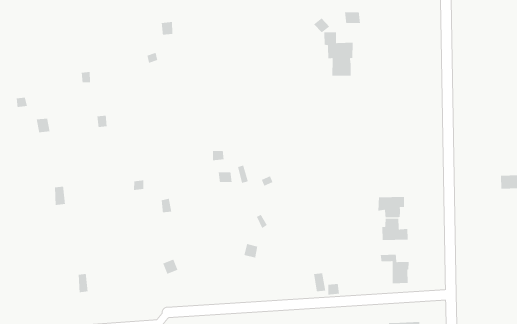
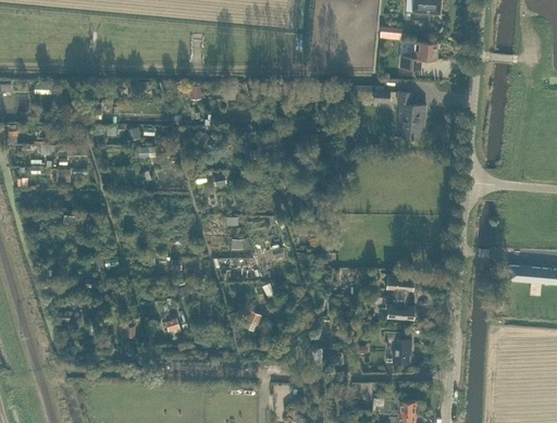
building: [324,32,354,77] -> [397,92,426,139]

